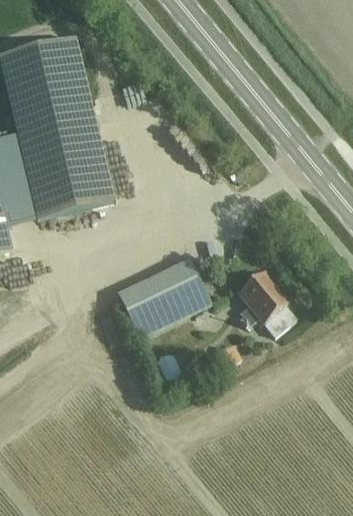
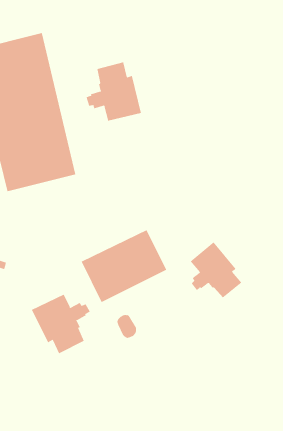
building: none -> [86,62,142,122]
building: none -> [31,294,91,354]

